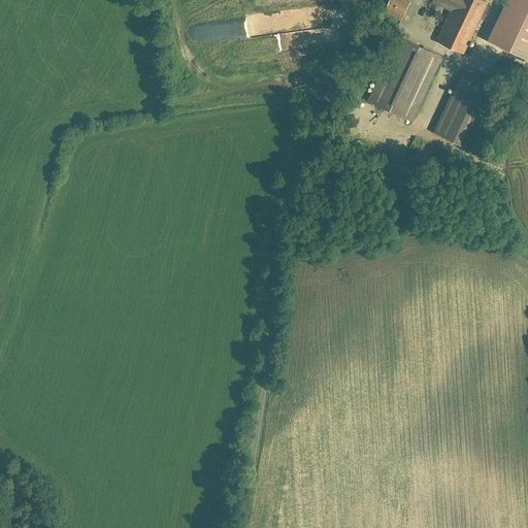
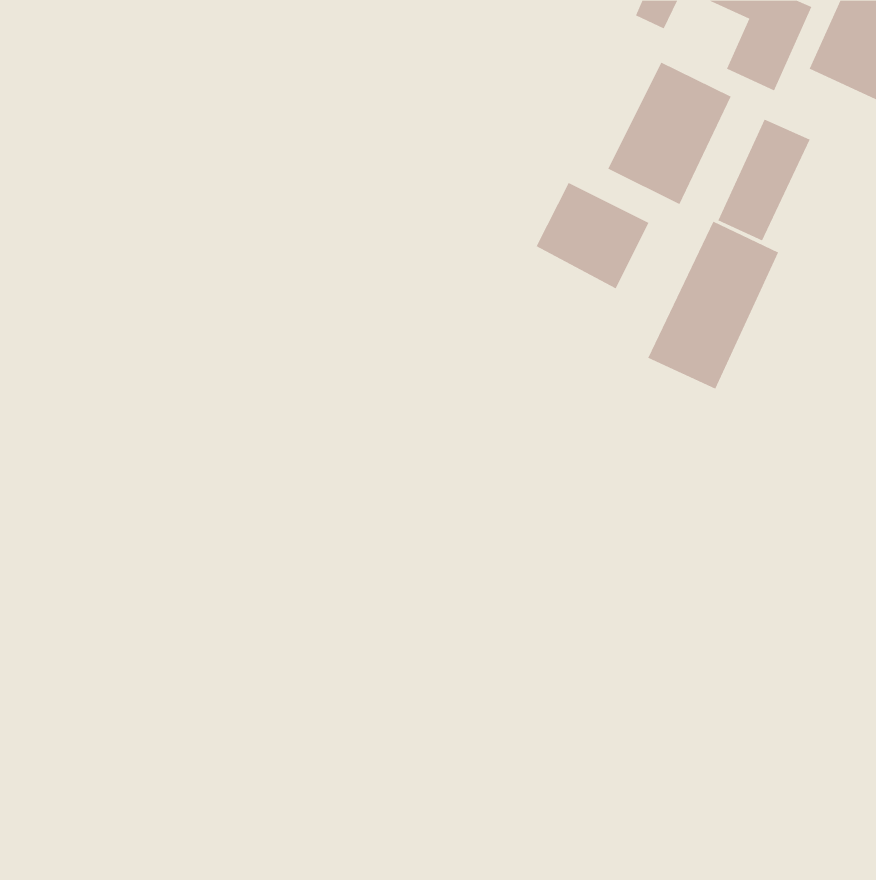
building: none -> [536,182,649,289]
building: none -> [648,221,779,390]

